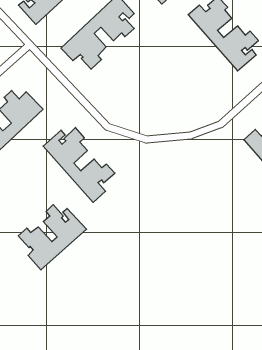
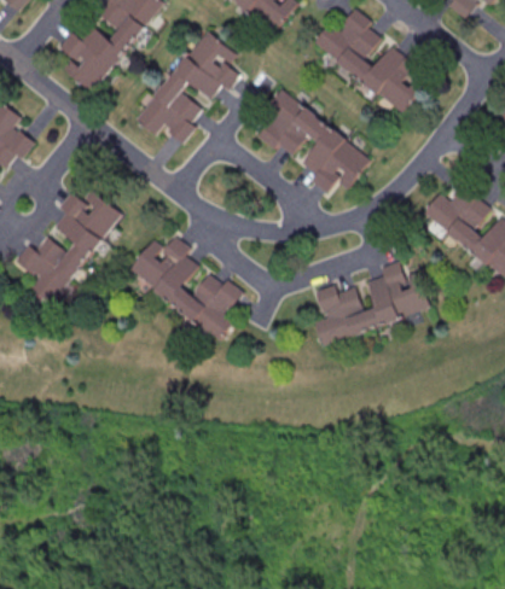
building: none -> [255,89,367,193]
building: none -> [313,261,428,346]
building: [18,205,87,270] -> none

